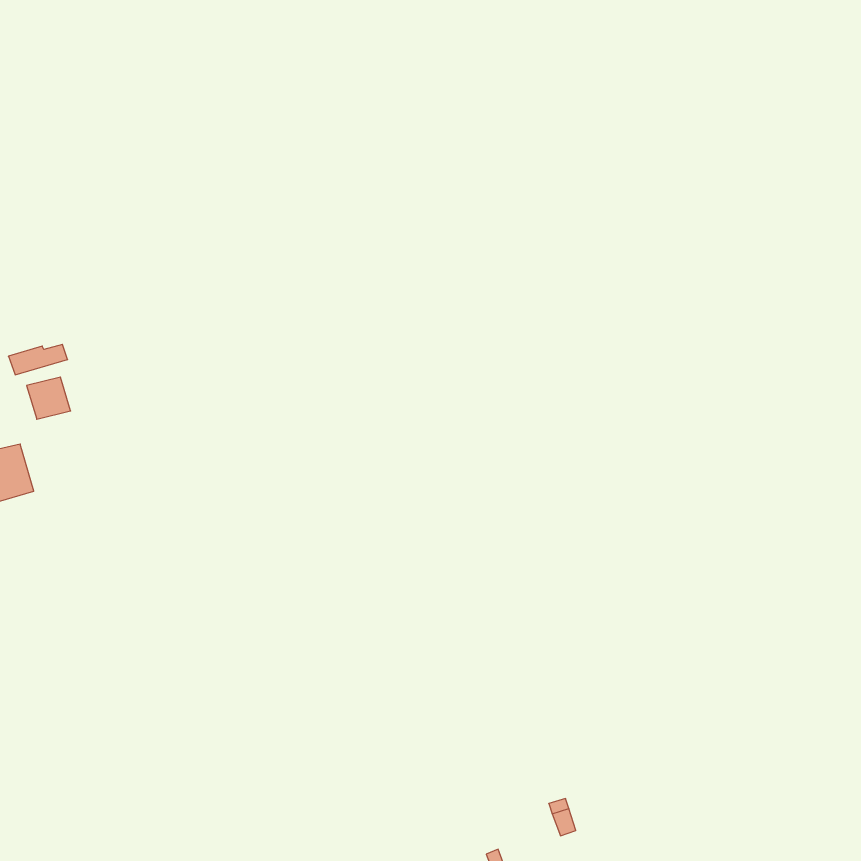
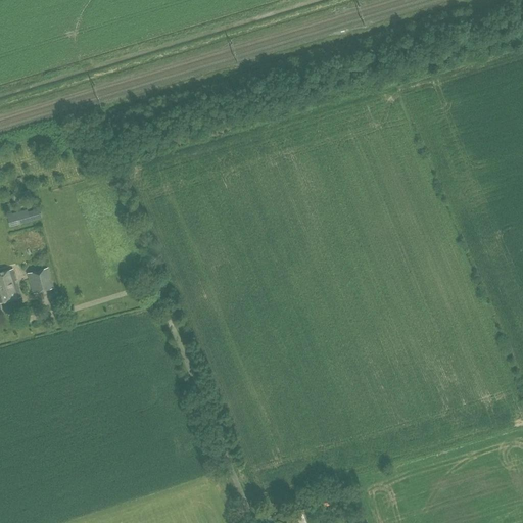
building: [27,377,71,419] -> [27,269,53,294]

